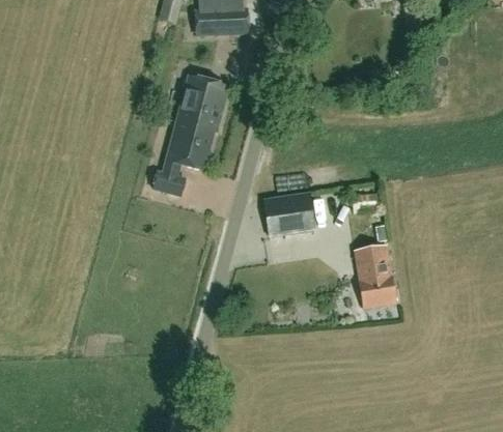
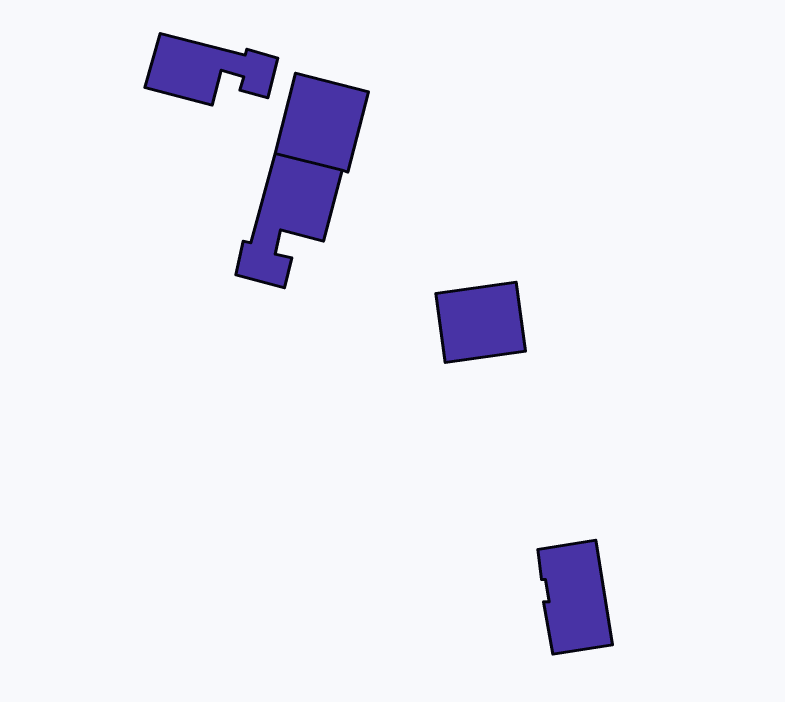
building: none -> [145,33,278,105]
building: [355,243,396,307] -> [538,540,613,654]

